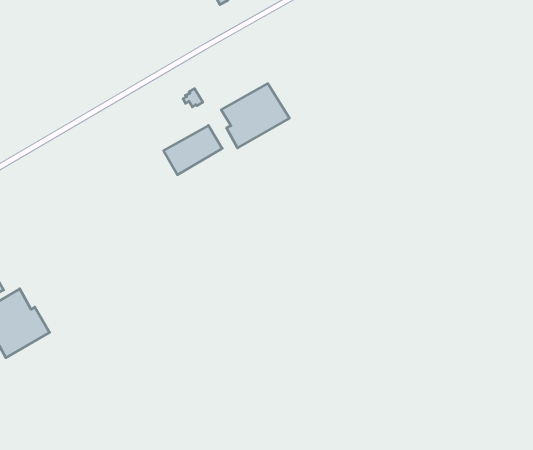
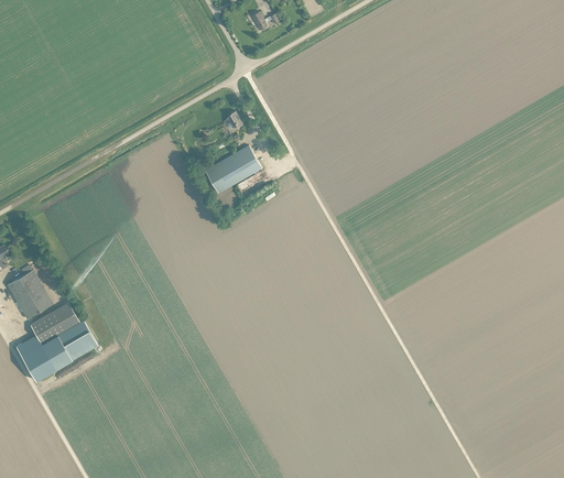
building: [221,84,289,148] -> none

